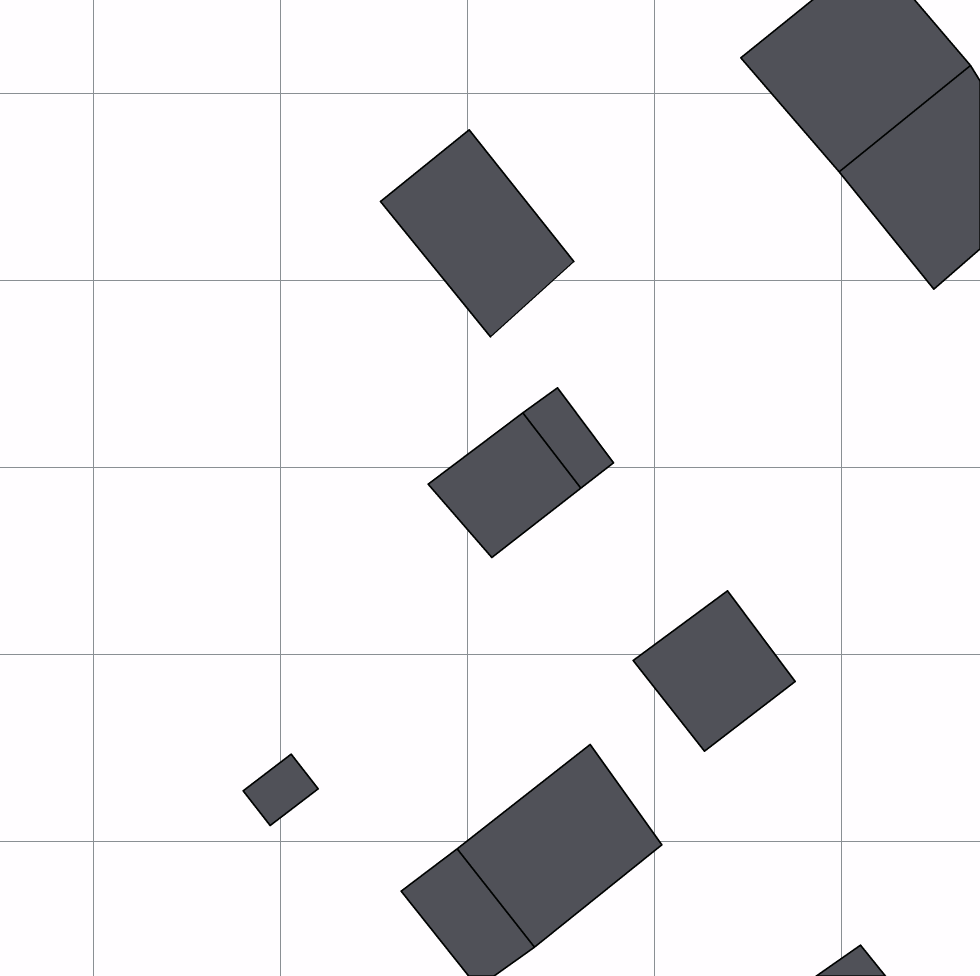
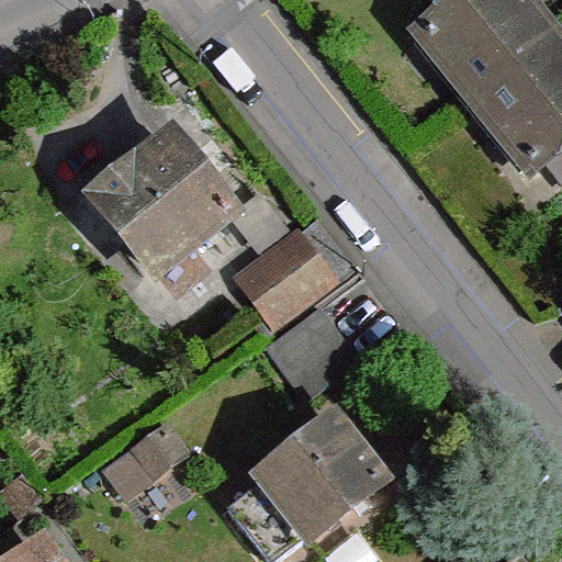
building: [380,130,574,337] -> none
building: none -> [94,147,229,271]
building: [633,591,795,751] -> [267,308,359,400]

